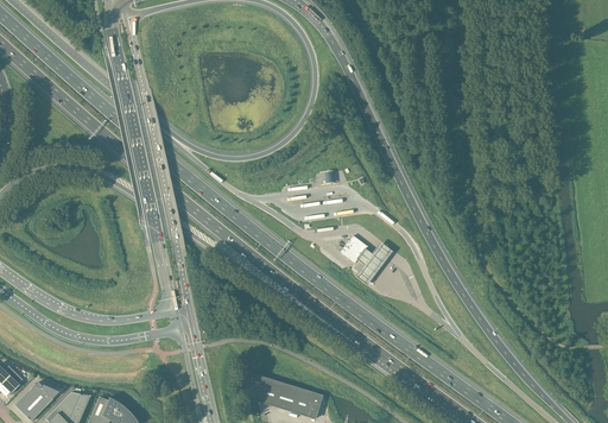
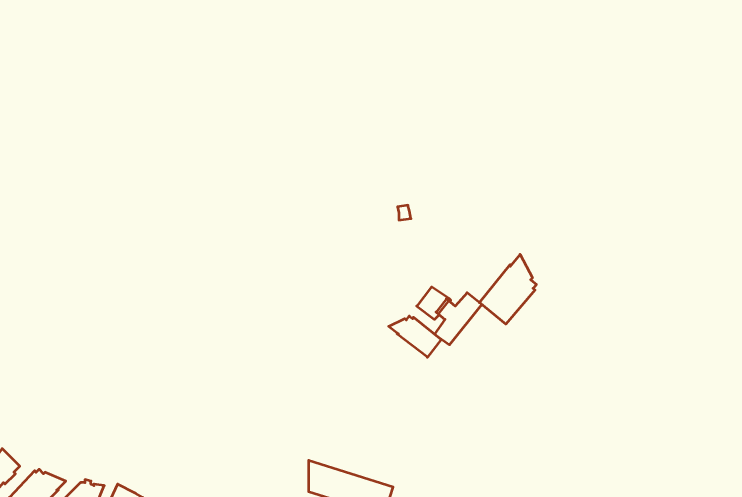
building: none -> [479,254,536,324]
building: none -> [389,316,441,357]

